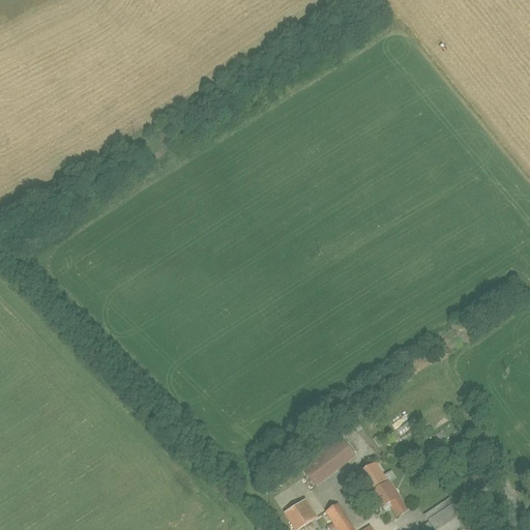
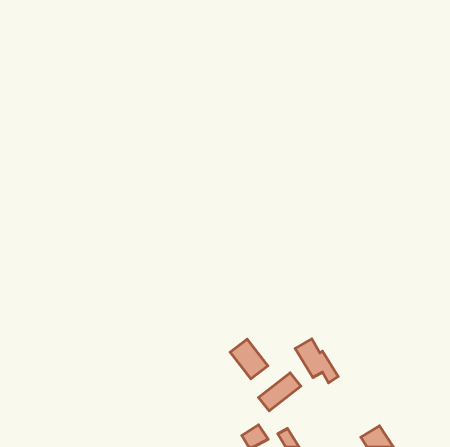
building: none -> [230,339,268,379]
building: [356,464,407,516] -> [295,339,338,383]

